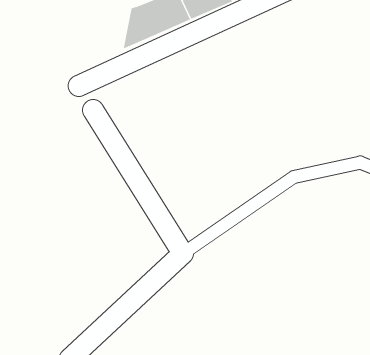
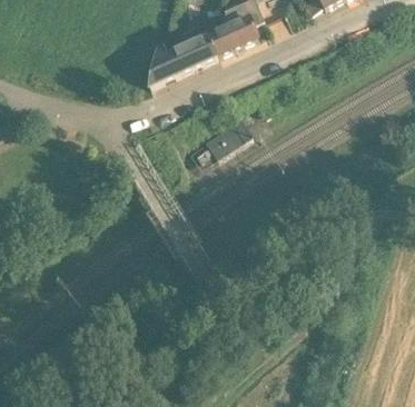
building: none -> [202,120,249,161]

